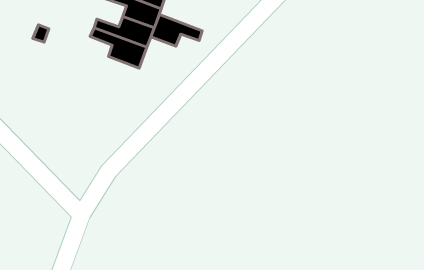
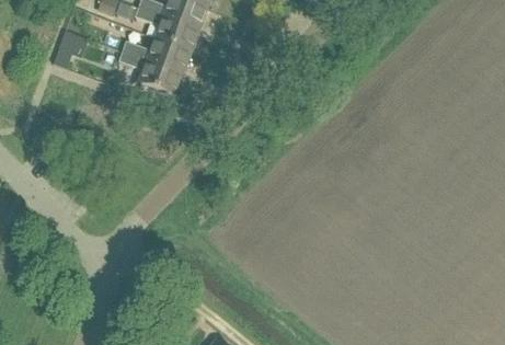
building: [151,15,202,46] -> none

